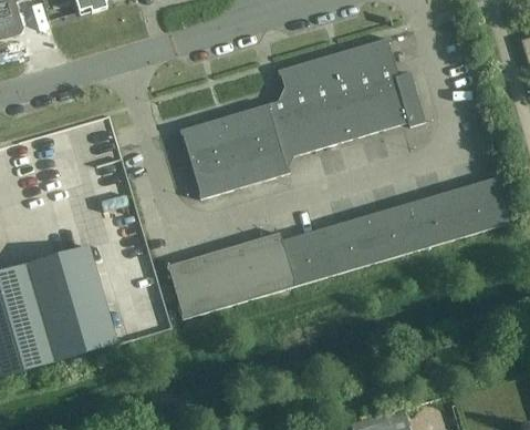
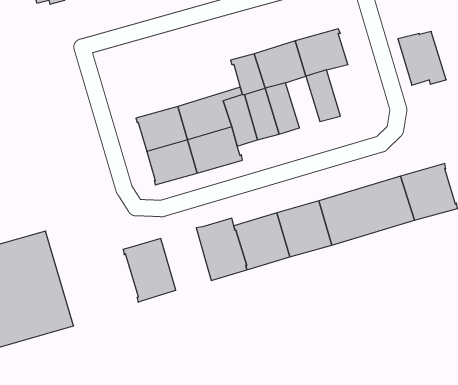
building: [376,72,426,127] -> [398,31,446,85]
building: [334,86,370,140] -> none
building: [206,243,258,307] -> none

